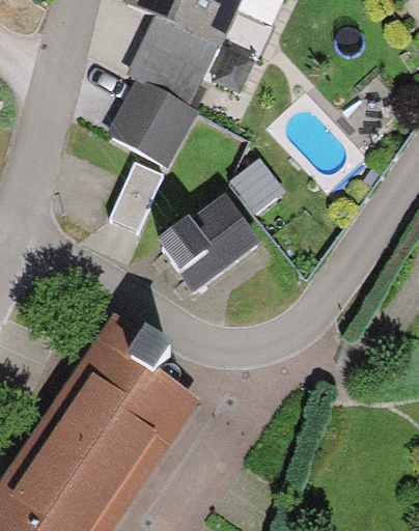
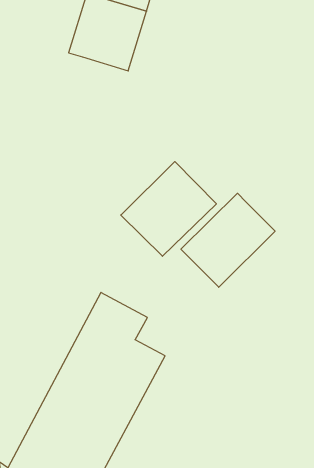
building: [113,80,195,167] -> none
building: none -> [181,193,275,287]

